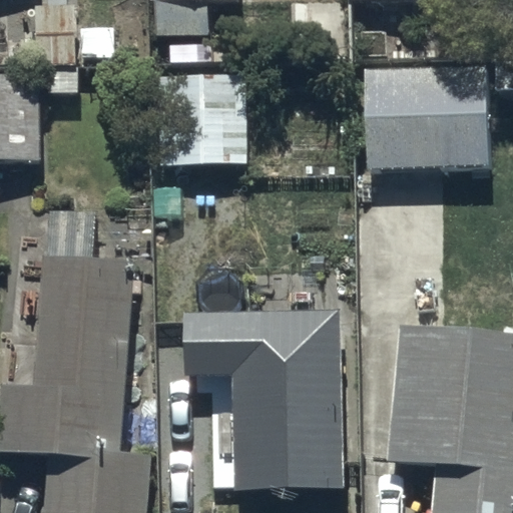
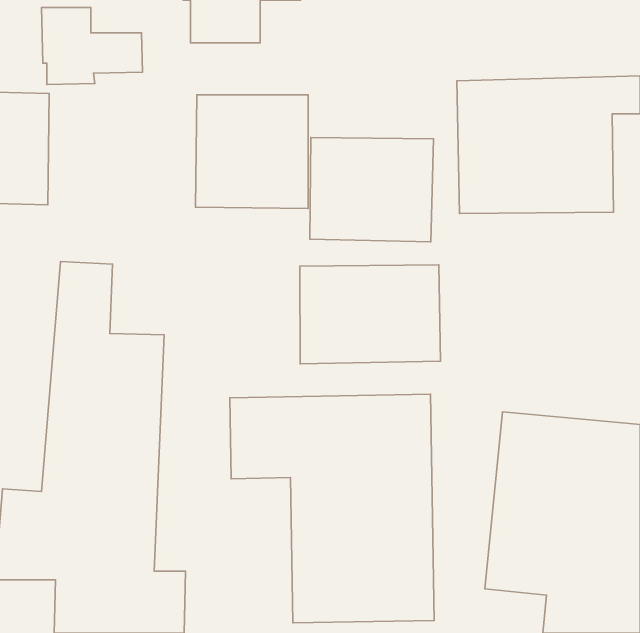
building: none -> [310,138,434,242]
building: none -> [300,265,441,364]

